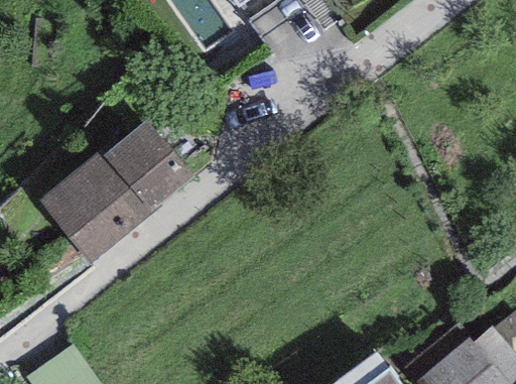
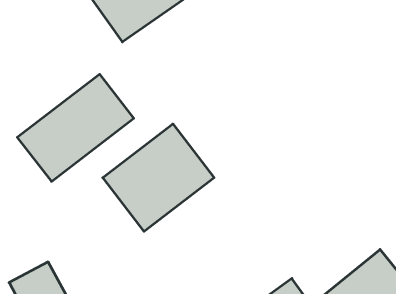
building: none -> [103,124,214,231]

